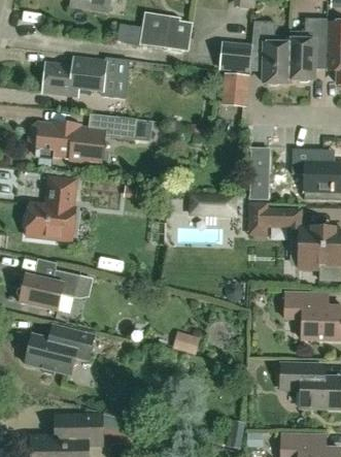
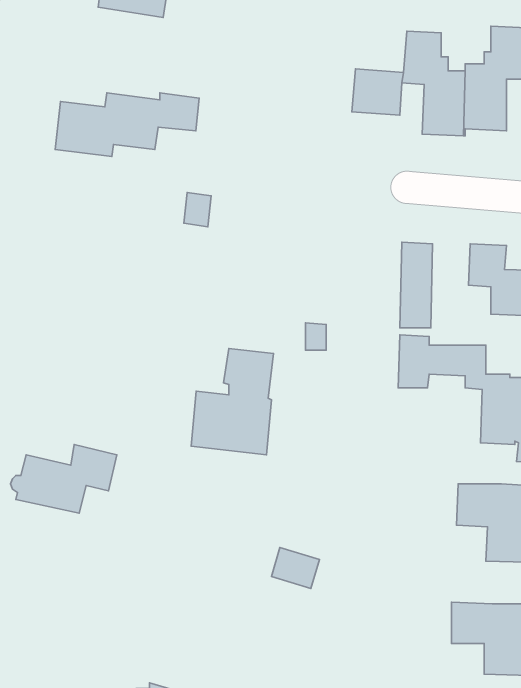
building: [139,12,193,51] -> none
building: [225,75,248,110] -> none
building: [28,121,104,166] -> none
building: [26,176,75,240] -> [191,348,273,455]
building: [24,325,94,374] -> none

